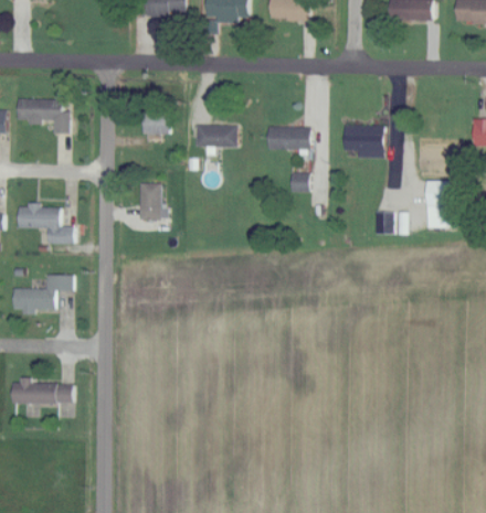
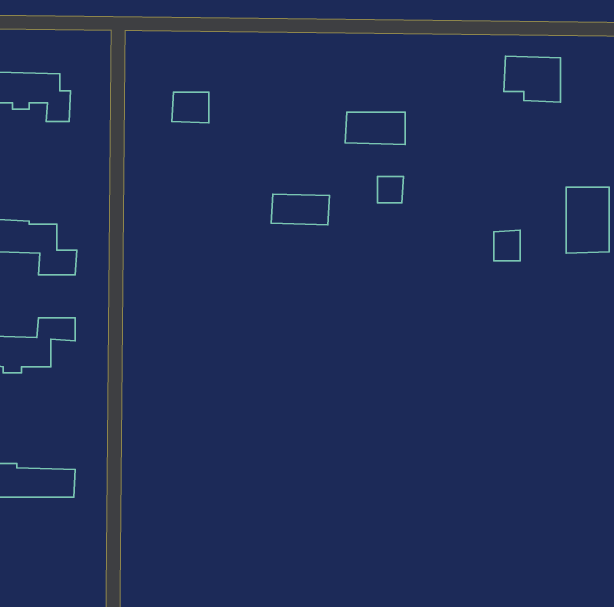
building: [194,125,236,147] -> [271,194,330,225]
building: [341,126,382,159] -> [504,56,561,102]
building: [138,183,166,220] -> none

